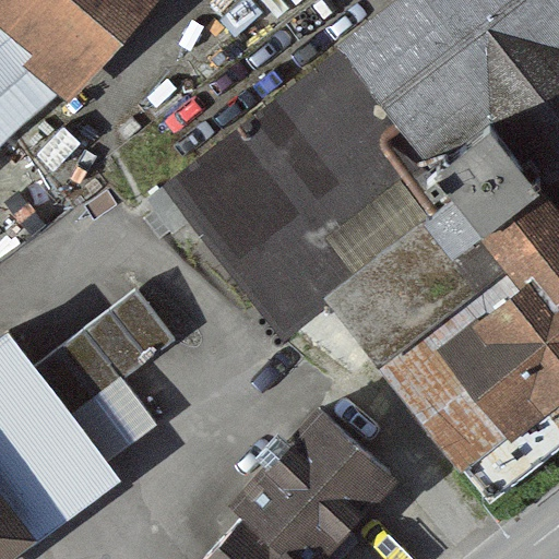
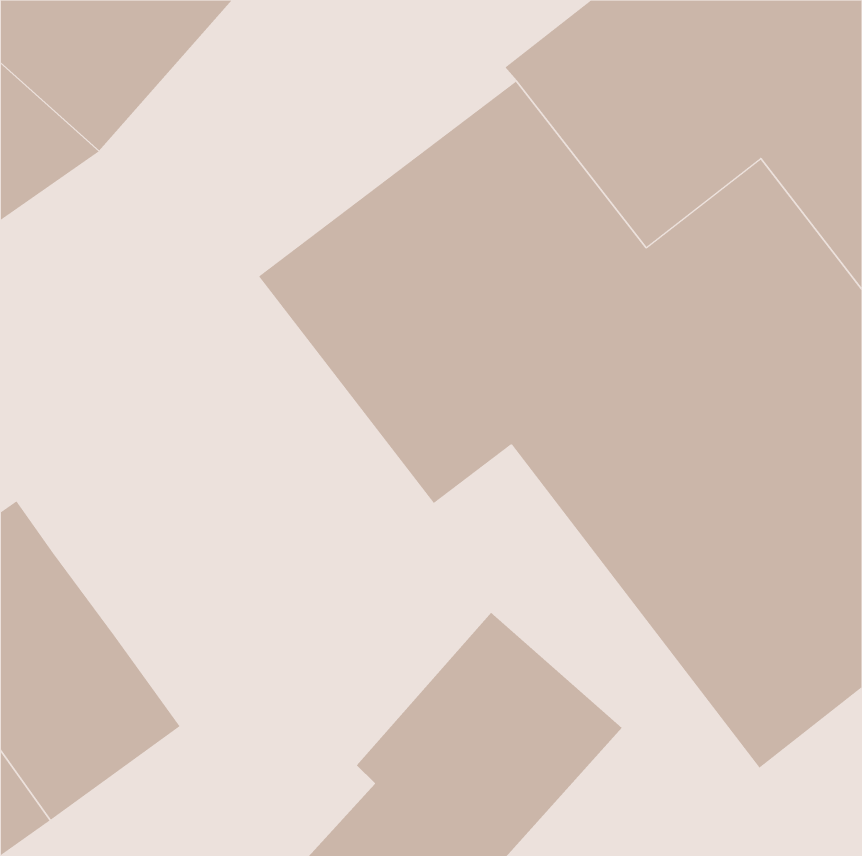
building: [35,288,177,415] -> none

